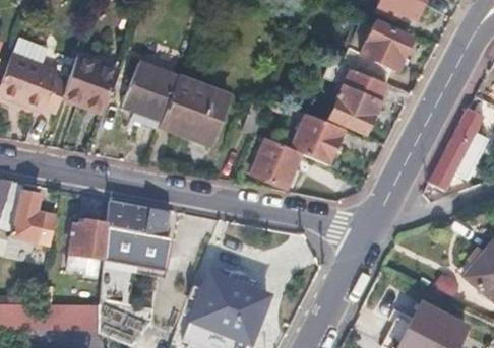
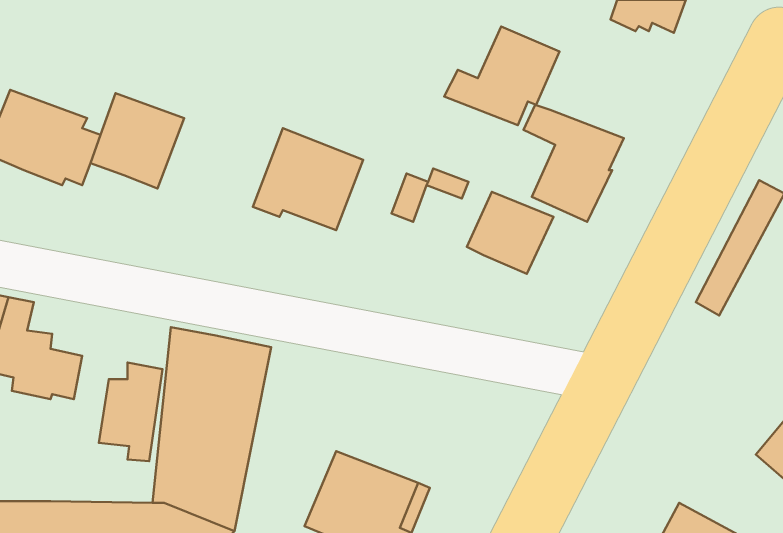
building: [342,24,412,84] -> [444,26,560,125]
building: [122,63,179,131] -> none
building: [252,140,301,188] -> none

